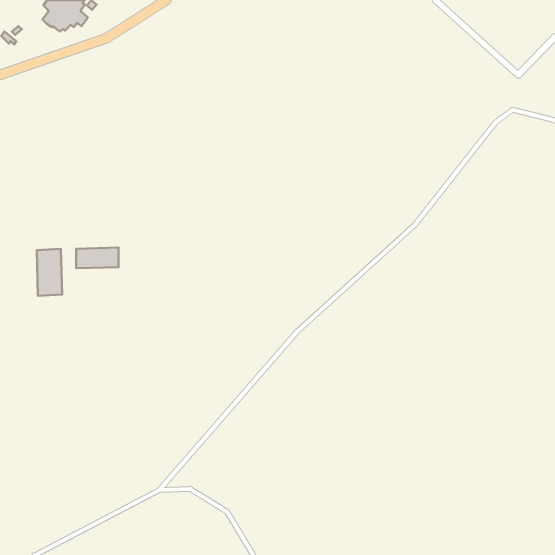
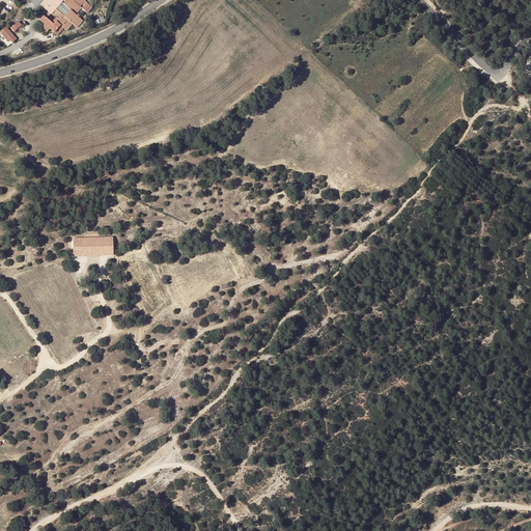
building: [37,249,62,296] -> none

